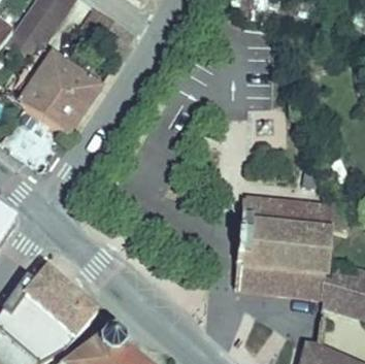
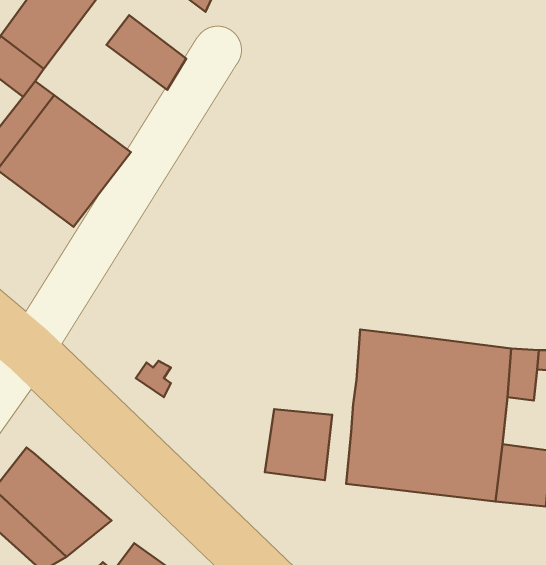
building: none -> [265,409,332,480]

